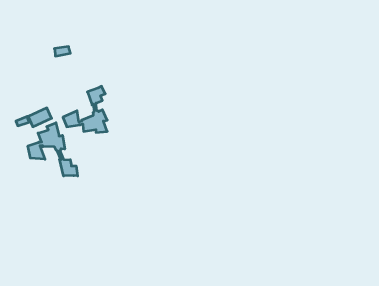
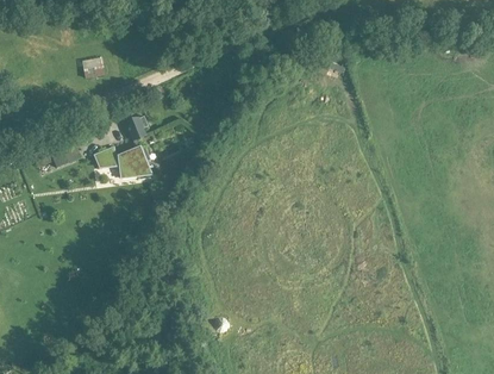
building: [28,123,78,176] -> none

